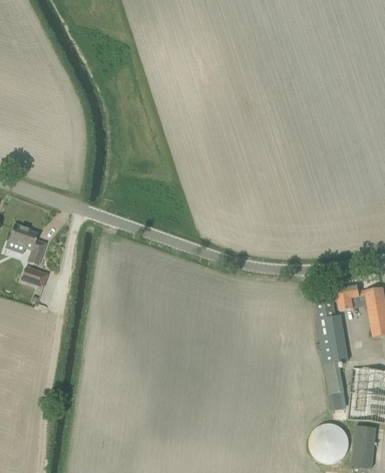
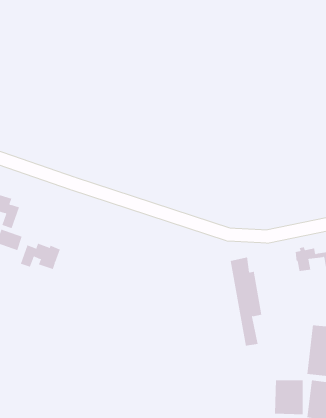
building: none -> [20,243,61,270]
building: [314,300,348,394] -> [230,257,262,346]

